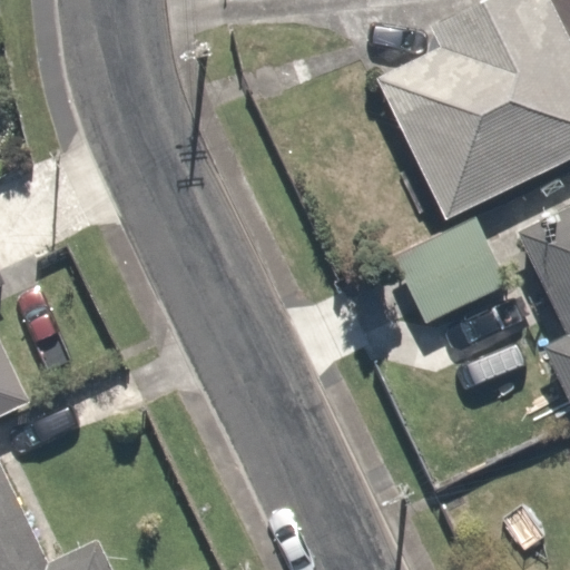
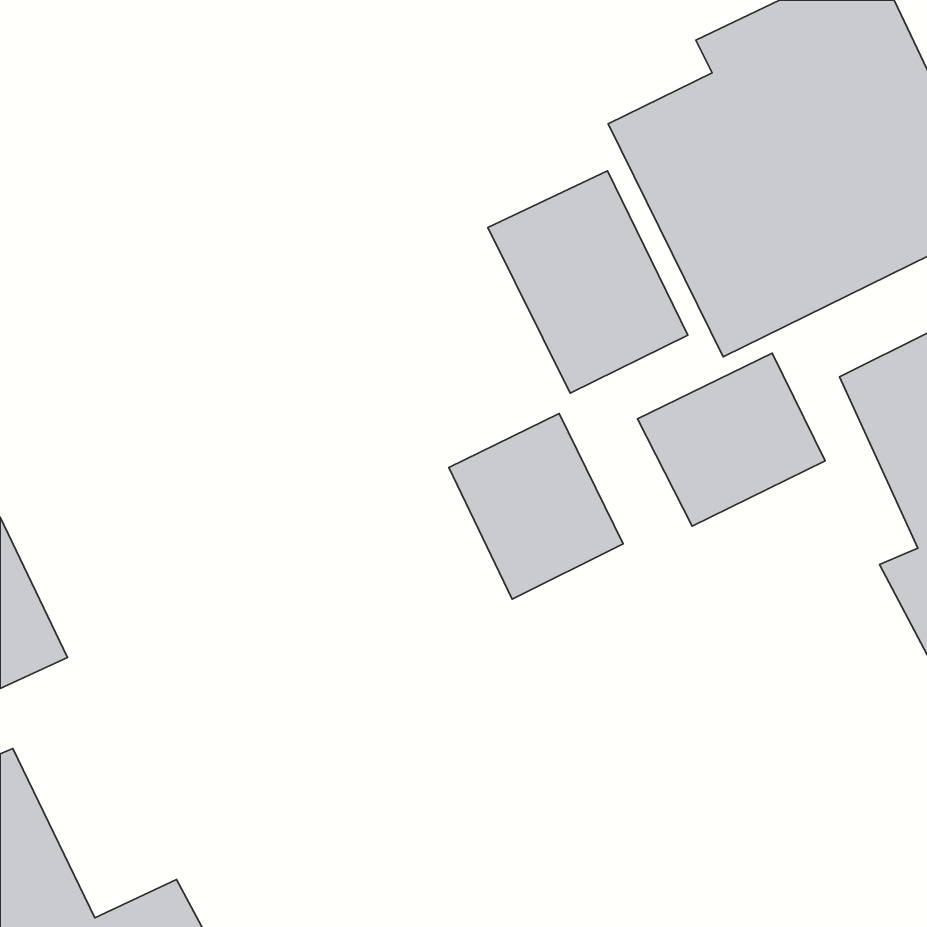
building: none -> [488,171,688,393]
building: none -> [449,414,623,599]

